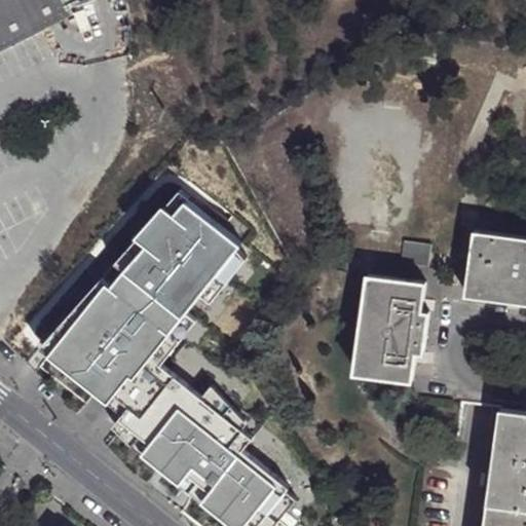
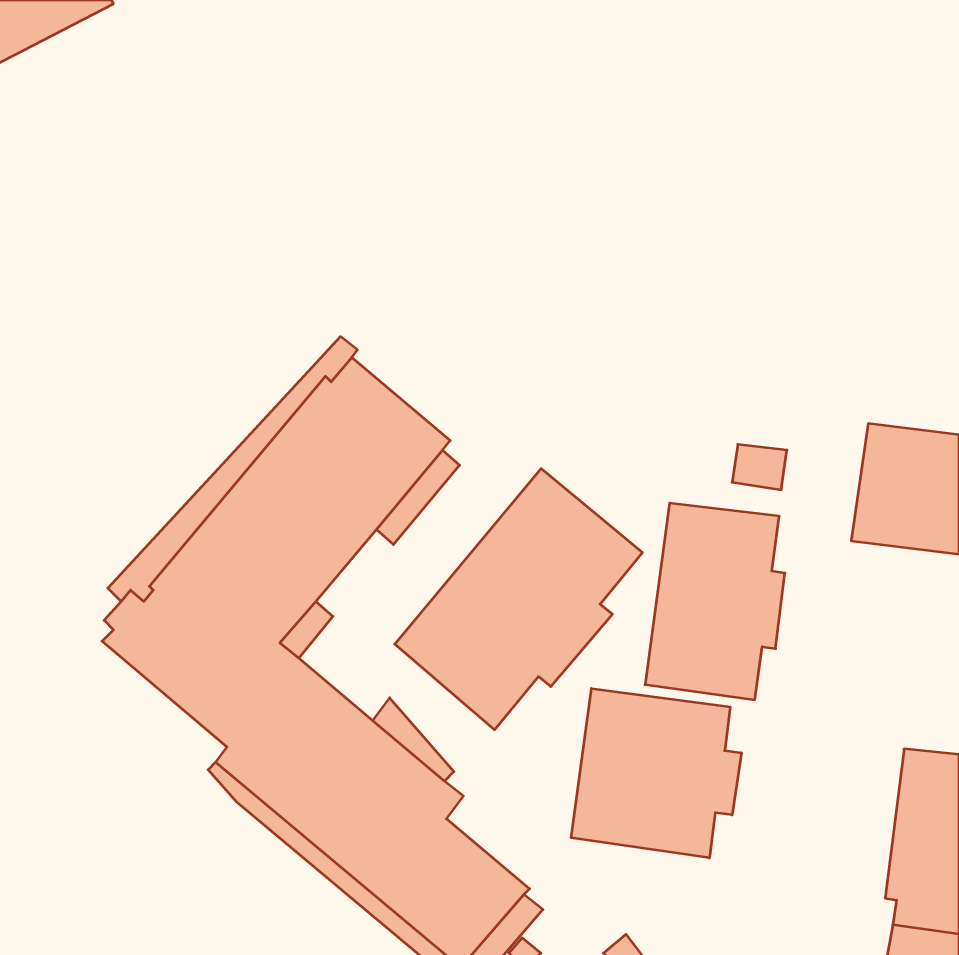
building: none -> [395,469,642,730]
building: none -> [571,688,741,858]

